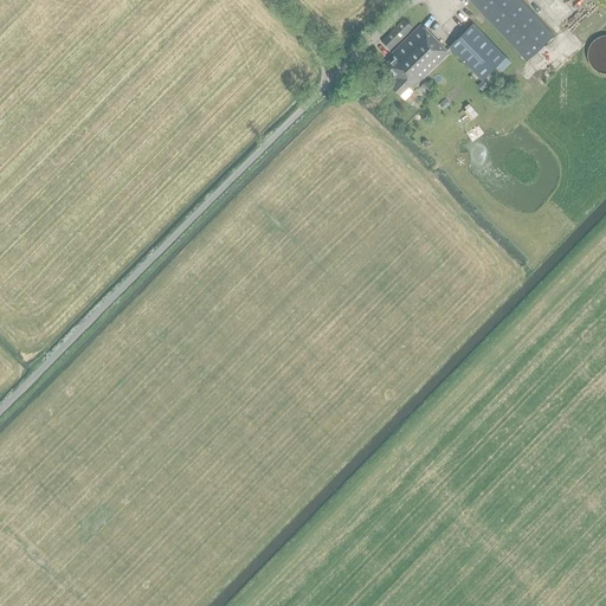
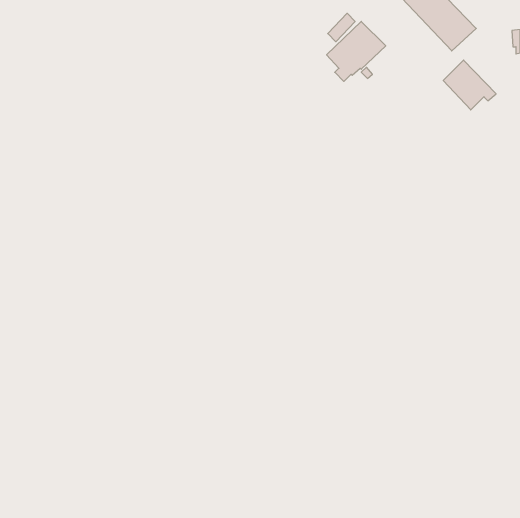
building: [449,21,510,79] -> [443,60,496,110]

